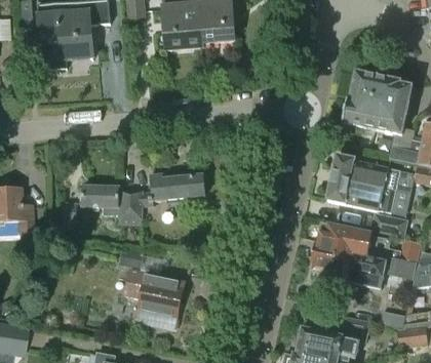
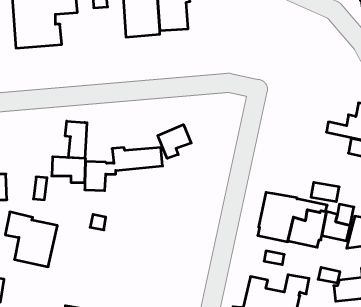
building: [344,65,415,149] -> none
building: none -> [65,121,87,159]
building: none -> [158,125,191,158]
building: [328,154,400,211] -> none
building: [125,267,184,328] -> [5,212,57,267]

